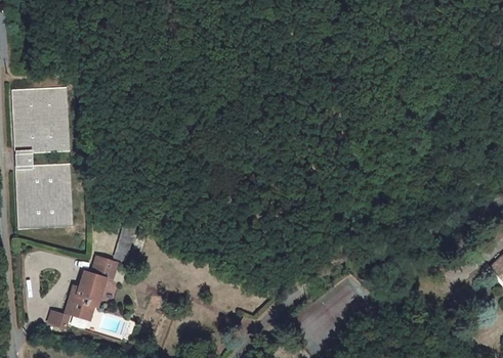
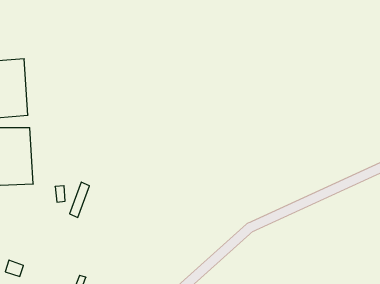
building: [64,260,119,320] -> none

